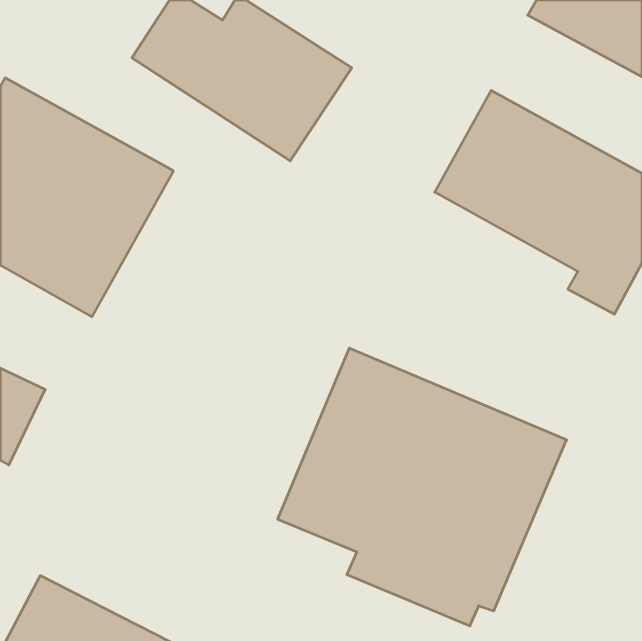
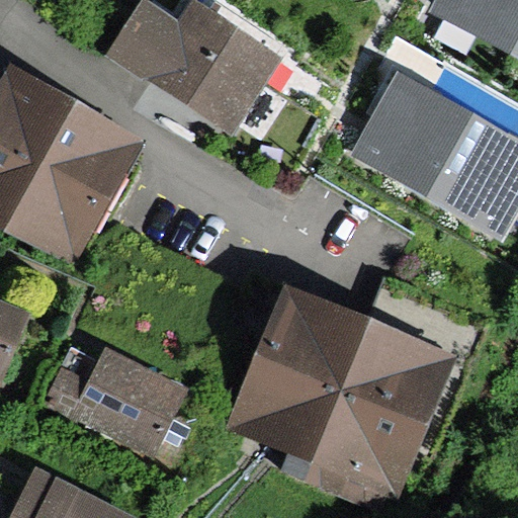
building: none -> [49,350,193,459]

